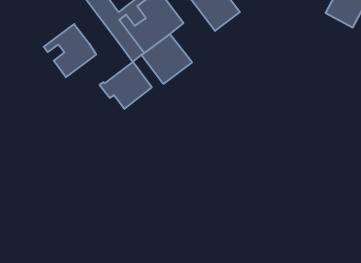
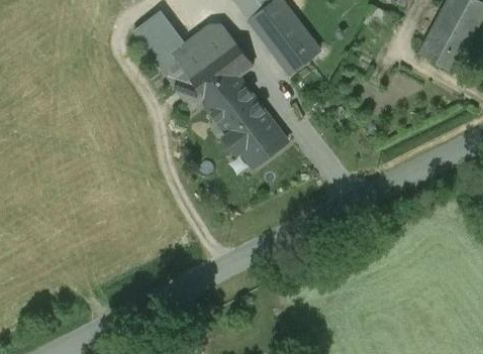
building: [44,24,96,77] -> none
building: [100,62,152,109] -> [223,111,285,166]

